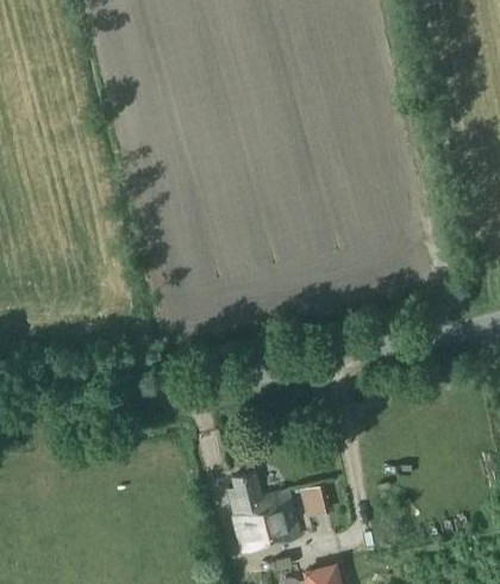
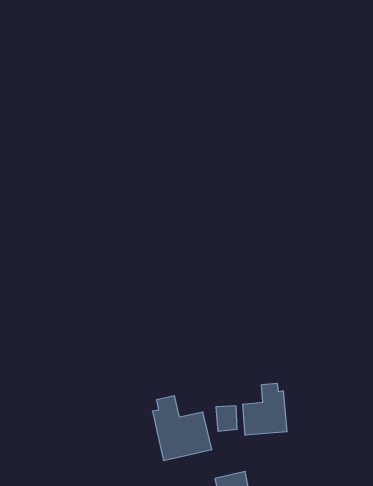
building: none -> [243,383,287,435]

